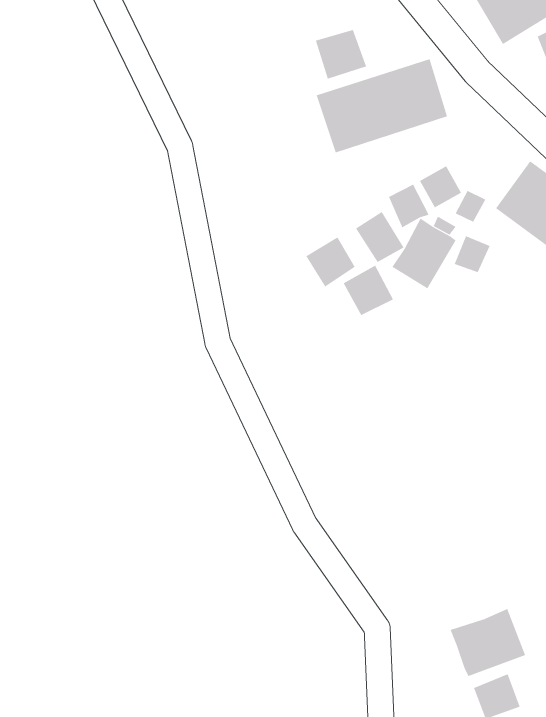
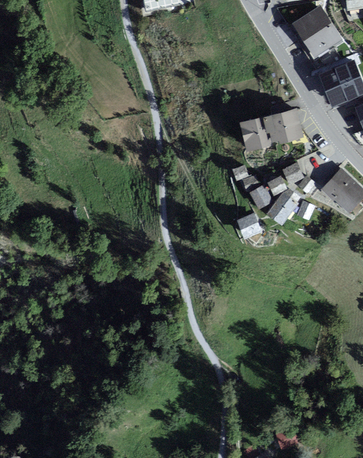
building: [315,29,367,80] -> none
building: [305,236,355,287] -> none
building: [450,608,526,677] -> none

